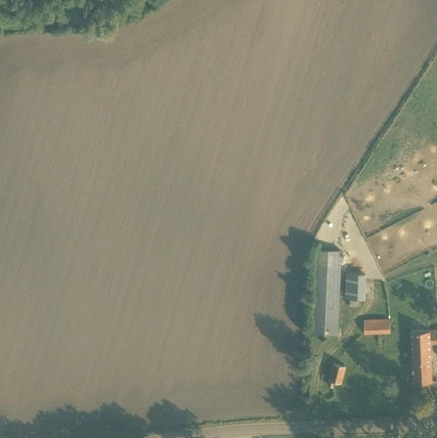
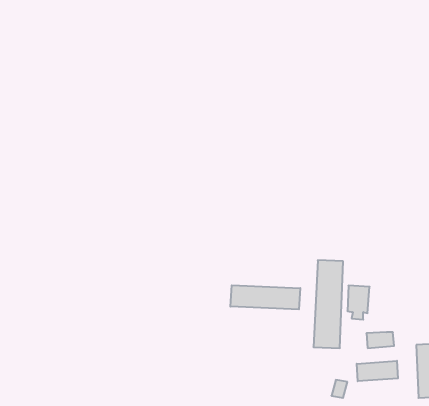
building: none -> [230,285,300,309]
building: none -> [357,361,398,381]

